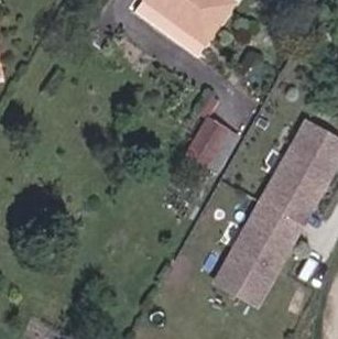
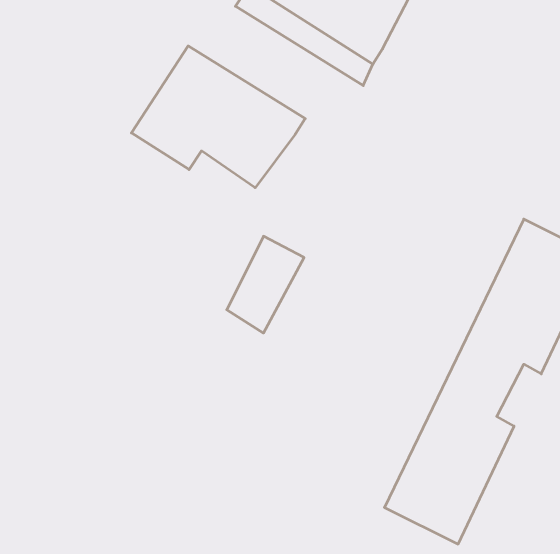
building: none -> [131,46,305,188]
building: [182,118,226,173] -> [227,236,304,333]

